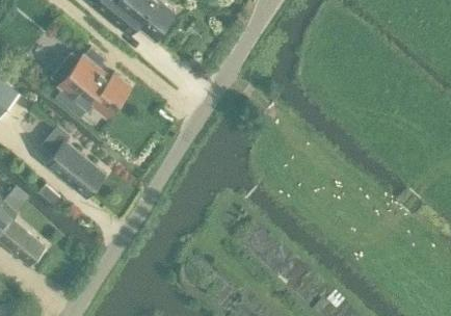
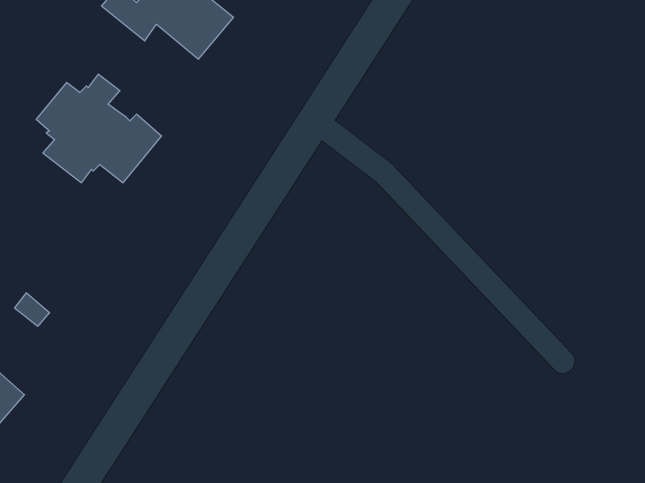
building: [43,126,107,199] -> none

